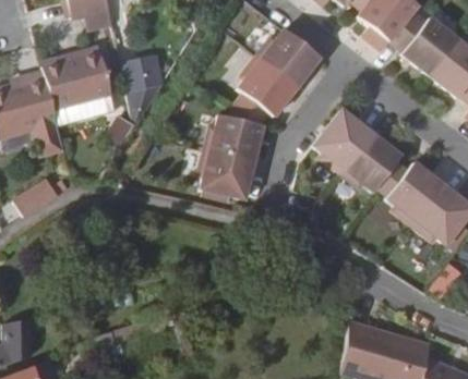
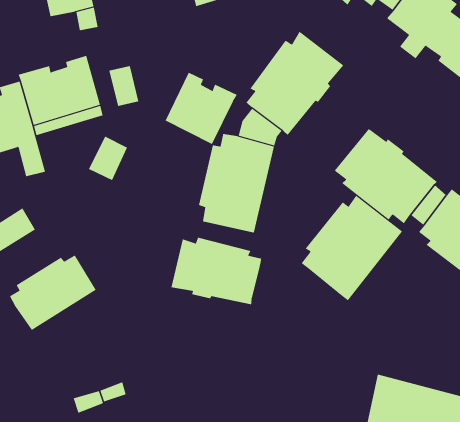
building: none -> [165,72,237,145]
building: none -> [301,195,403,301]
building: none -> [171,237,262,305]
building: none -> [9,255,96,331]

